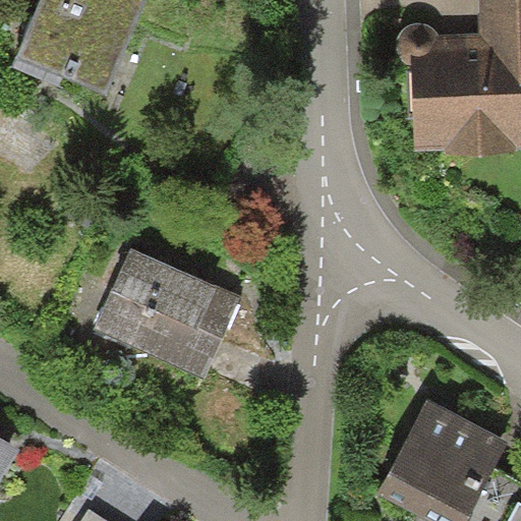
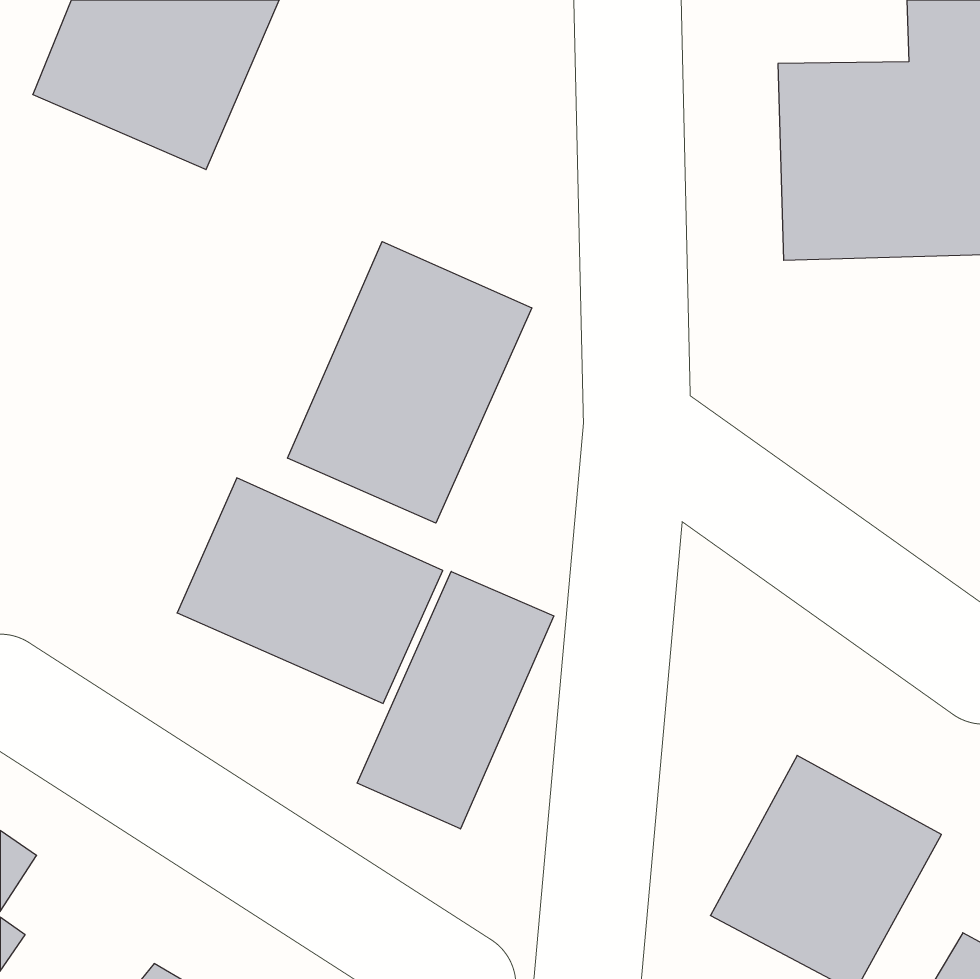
building: none -> [288,242,532,523]
building: none -> [357,571,554,829]

